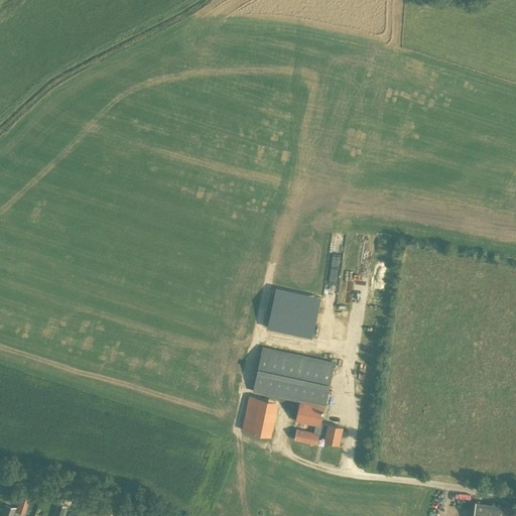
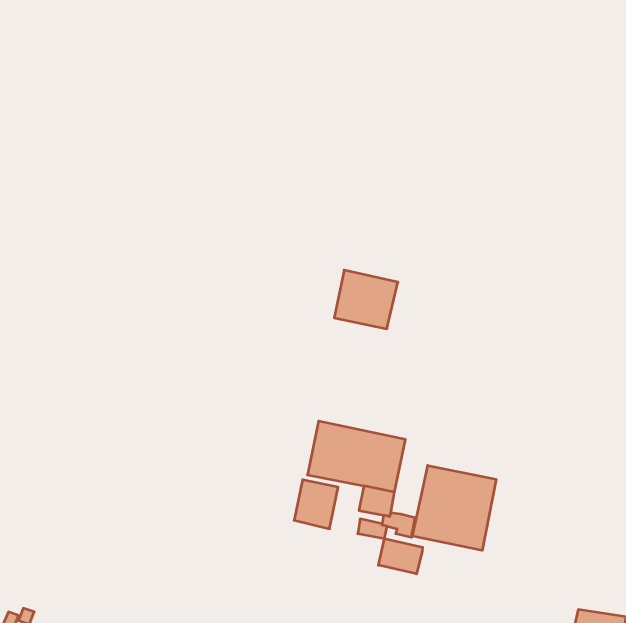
building: [268,290,320,339] -> [334,270,398,329]
building: none -> [412,465,496,550]
building: none -> [378,539,423,574]

